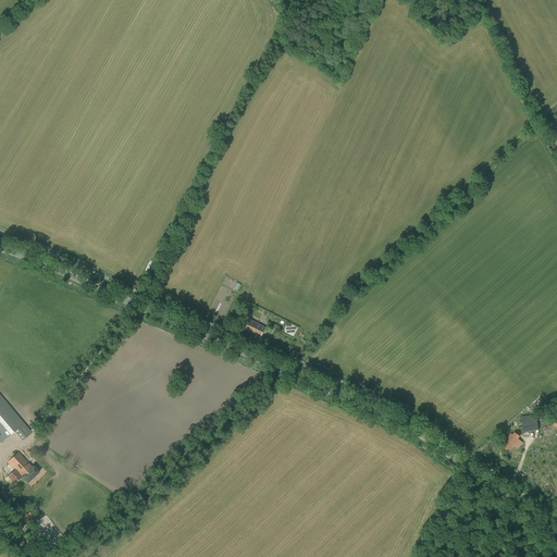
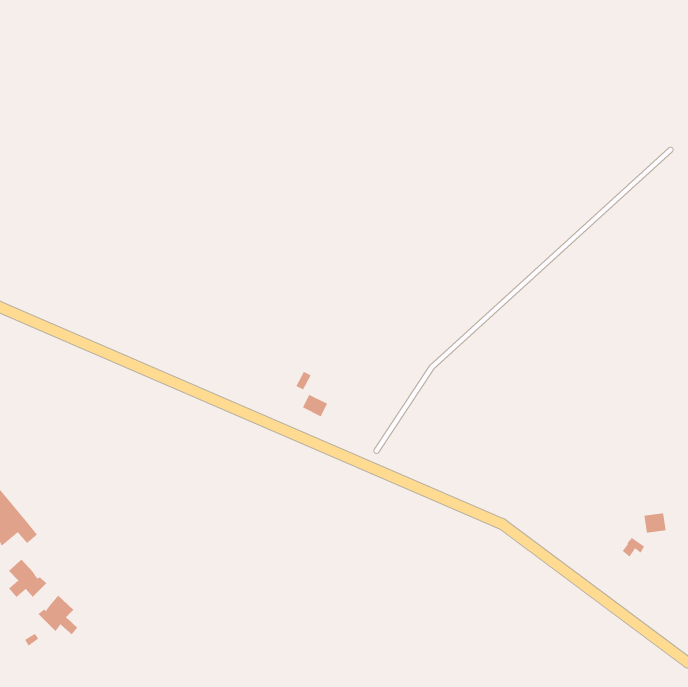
building: none -> [37,595,78,635]

